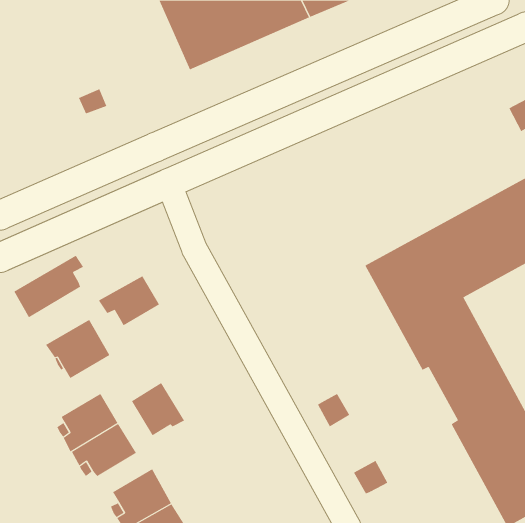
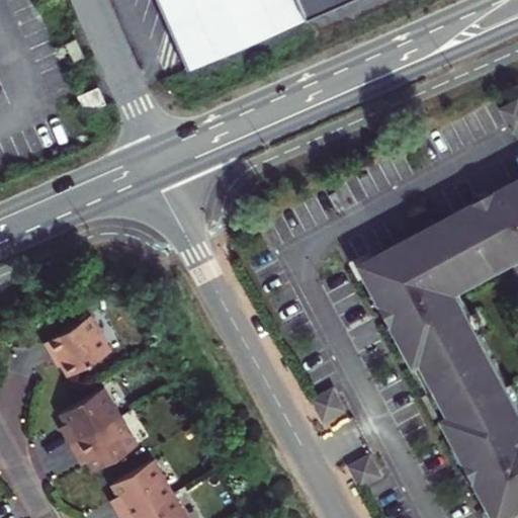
building: [14,255,84,318] -> none
building: [98,275,160,326] -> none
building: [131,382,185,436] -> none

